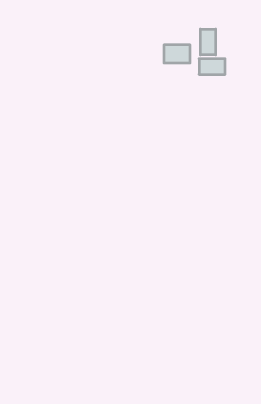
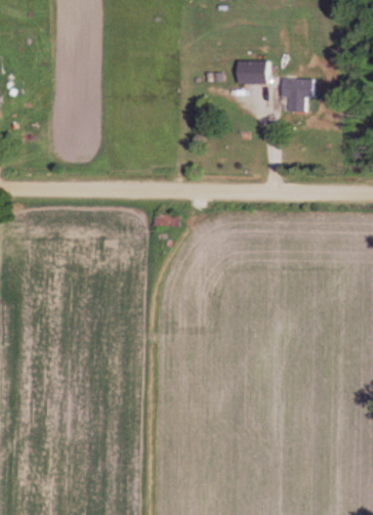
building: [200,29,216,55] -> none

